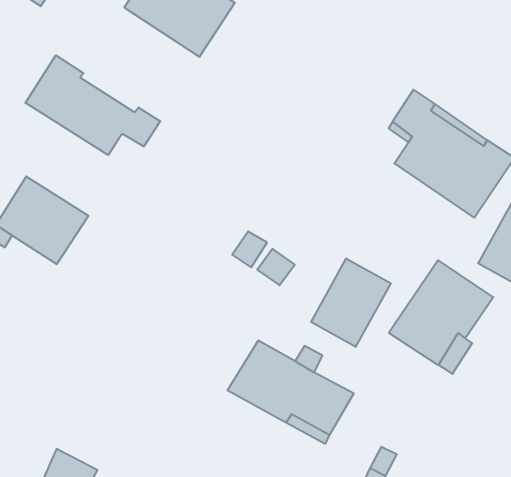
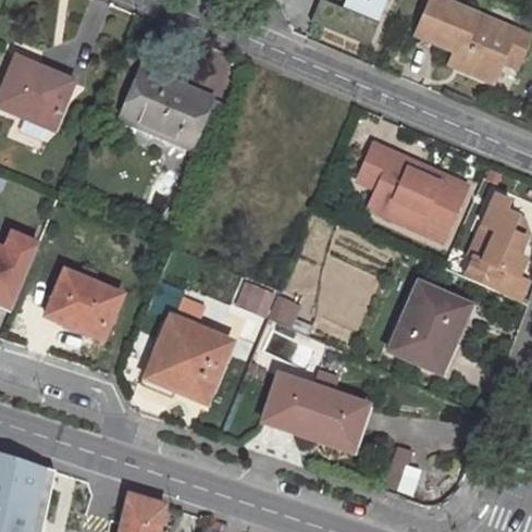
building: [25,55,160,155] -> none
building: none -> [152,317,231,401]
building: [311,258,391,347] -> none

